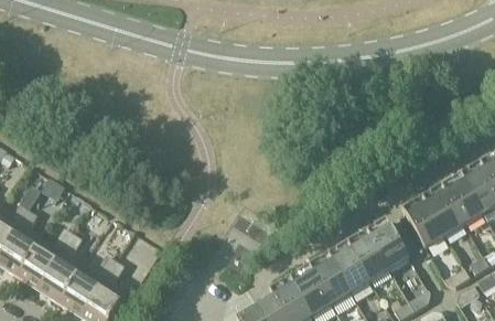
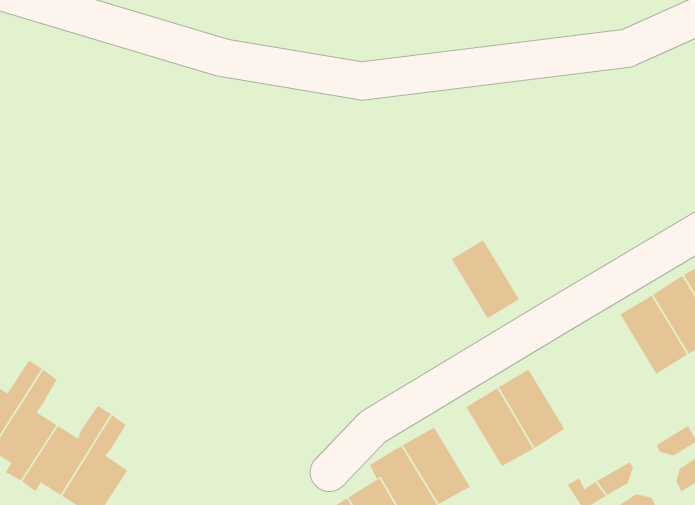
building: [402,201,444,249] -> none
building: [367,222,409,270] -> [451,239,520,319]
building: [310,257,351,306] -> none

